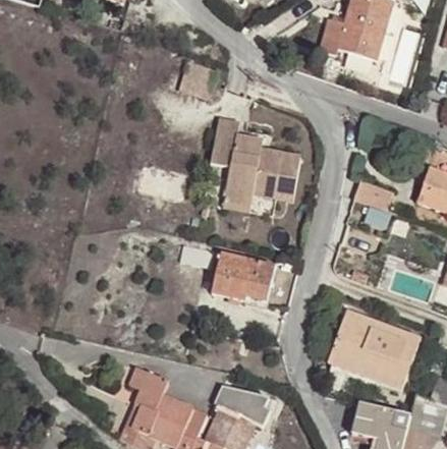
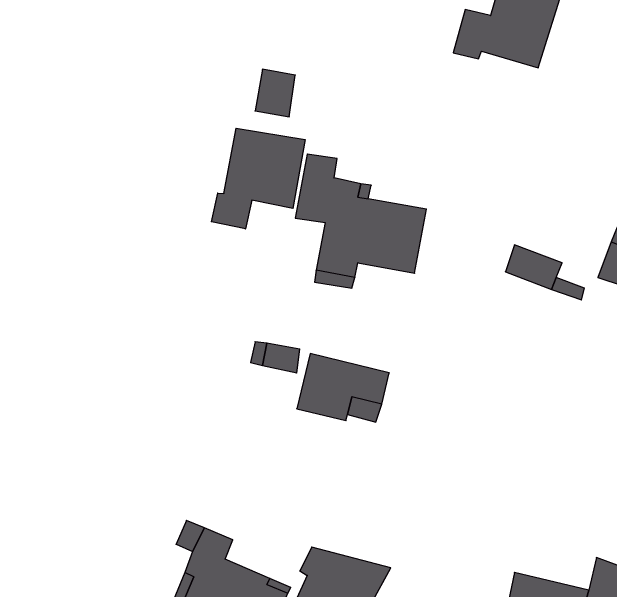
building: none -> [211,128,305,229]
building: [324,301,421,400] -> none

